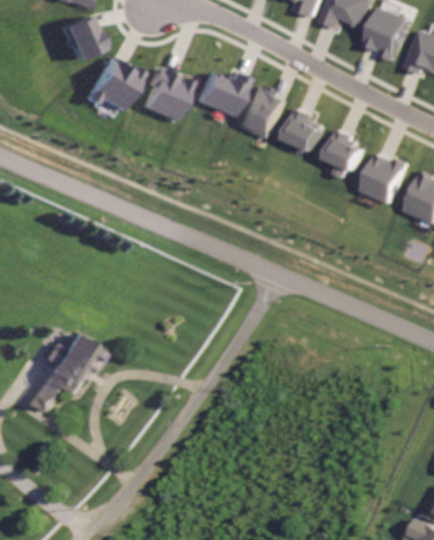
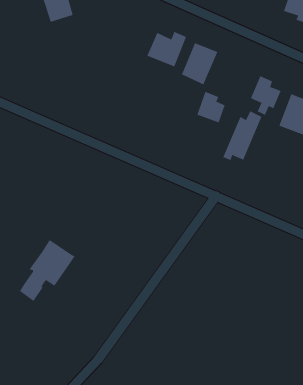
building: [85,54,139,110] -> none
building: [139,68,188,122] -> none
building: [283,108,320,148] -> [196,91,226,123]
building: none -> [223,110,262,161]

